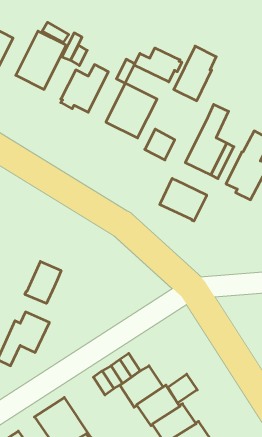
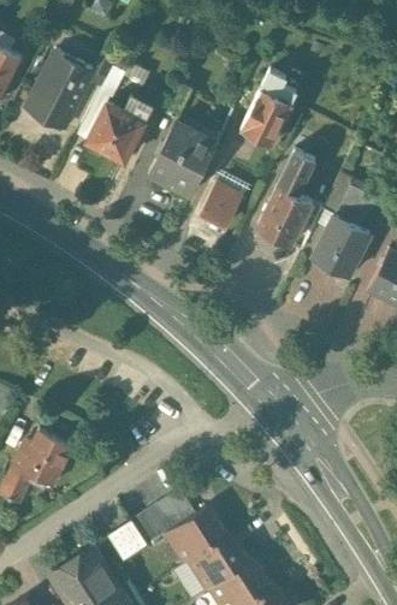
building: [134,48,182,82] -> none
building: [160,178,207,221] -> none
building: [25,261,61,303] -> none
building: [168,374,197,403] -> none
building: none -> [107,522,147,563]

